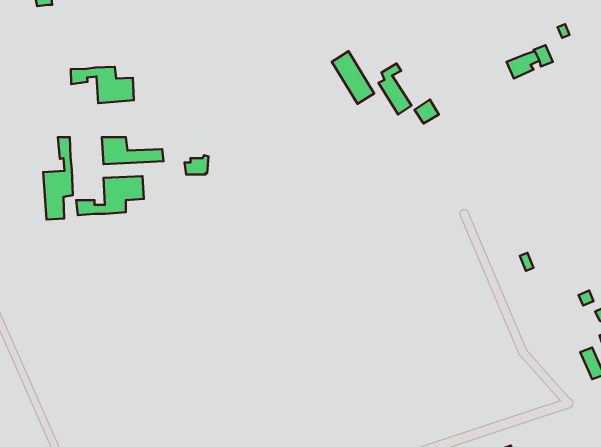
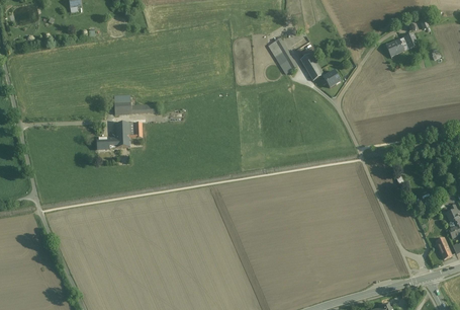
building: [71,67,134,103] -> none
building: [43,137,73,219] -> none

